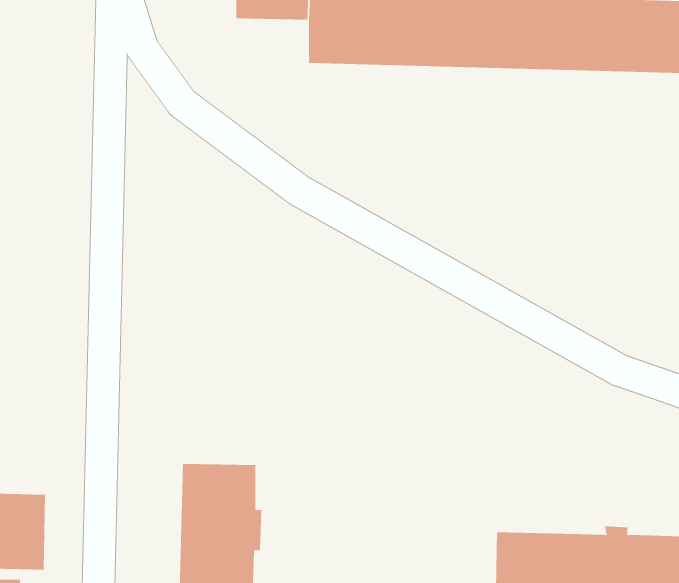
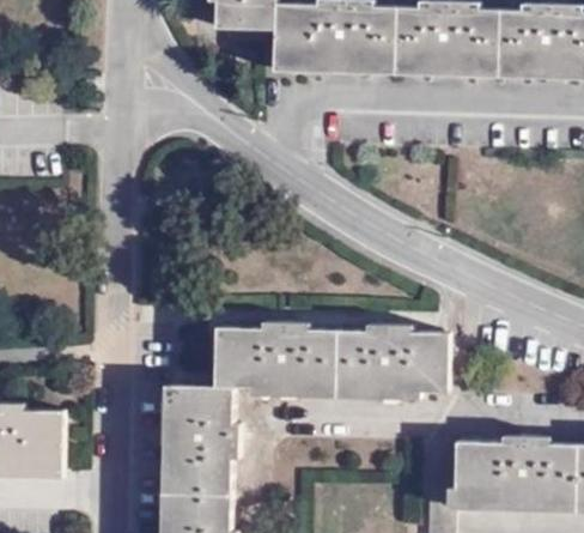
building: none -> [214,323,437,392]

